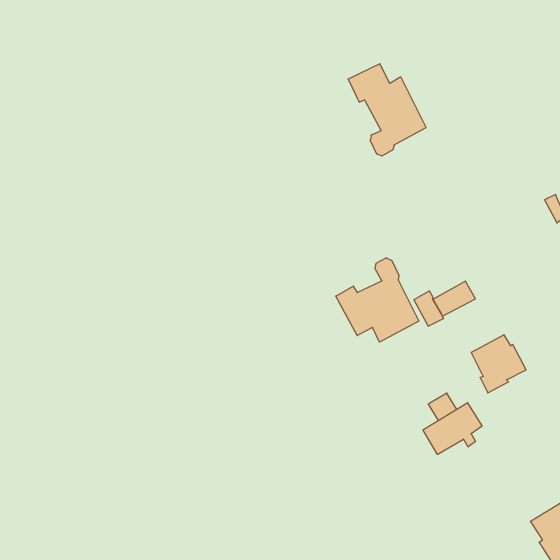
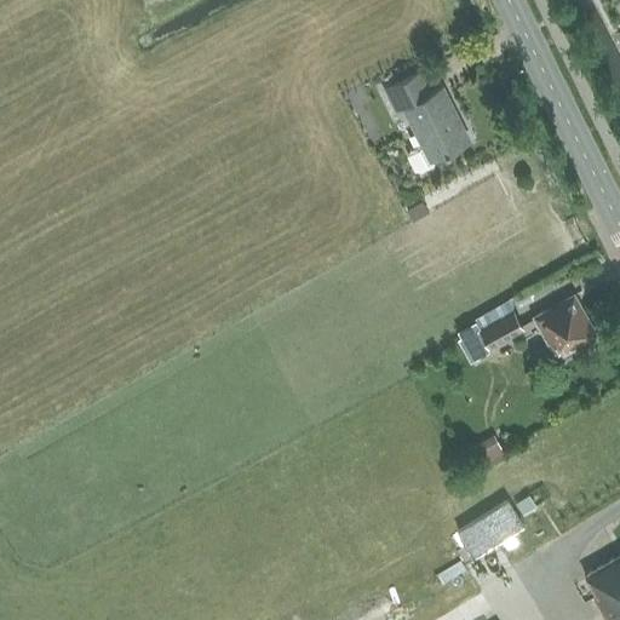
building: [336,258,419,342] -> none
building: [471,335,526,393] -> [535,297,596,361]
building: [423,403,482,454] -> [459,500,524,557]

